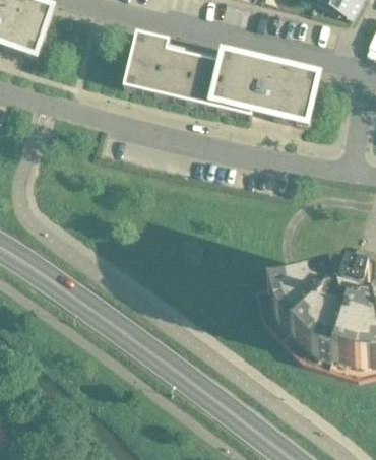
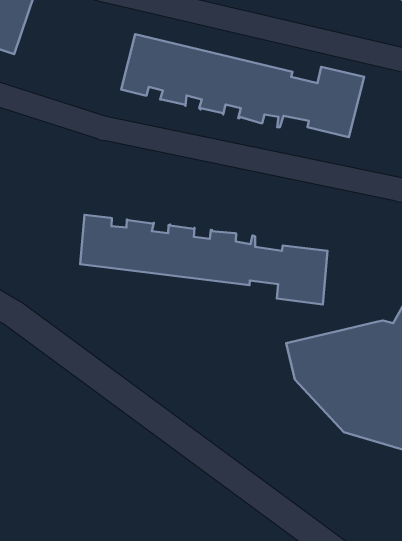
building: none -> [80,215,327,304]

